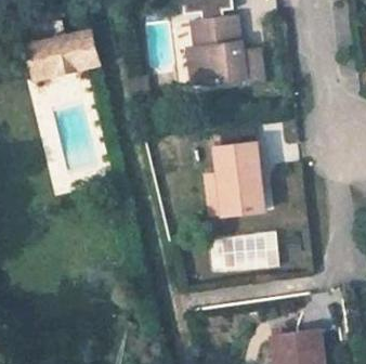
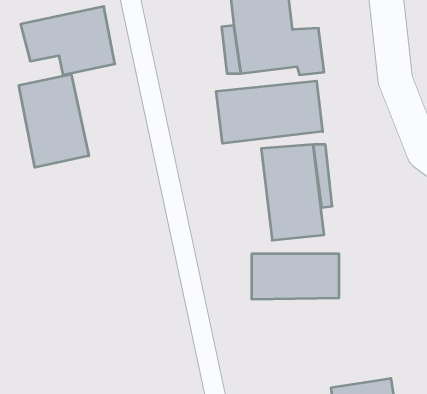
building: none -> [19,74,89,167]
building: none -> [216,81,323,143]

